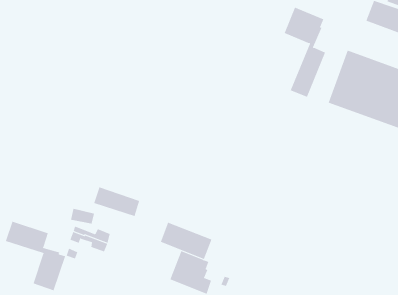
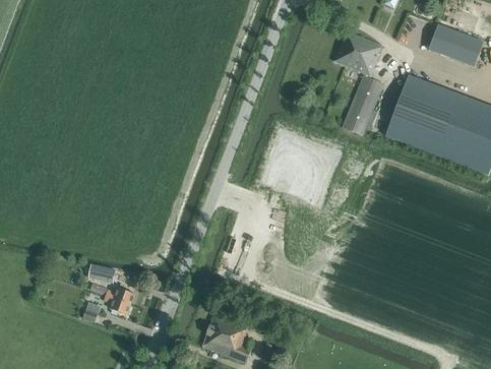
building: [93,186,140,217] -> none
building: [5,221,66,291] -> none
building: [160,222,212,260] -> none

